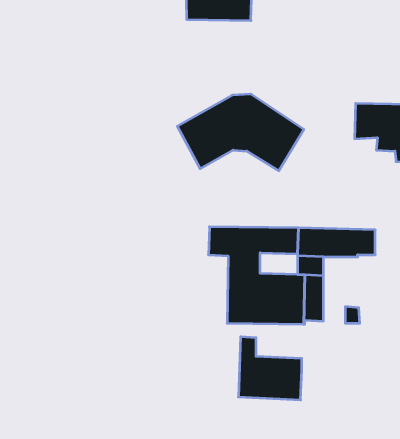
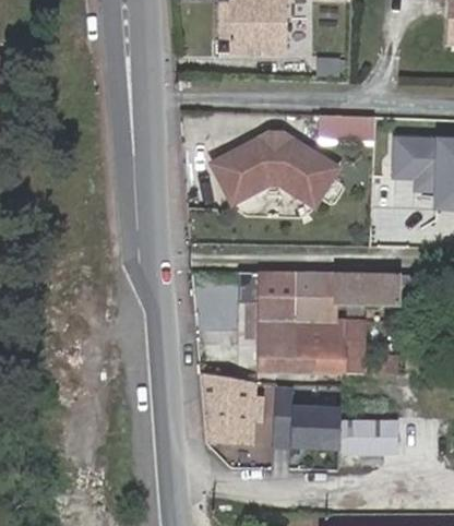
building: none -> [319,112,374,138]
building: none -> [200,374,263,446]
building: none -> [337,421,398,454]

